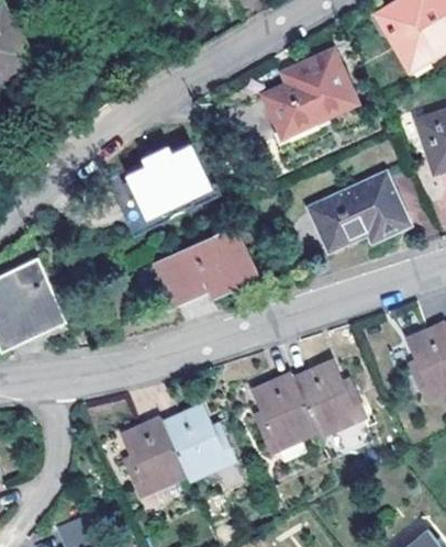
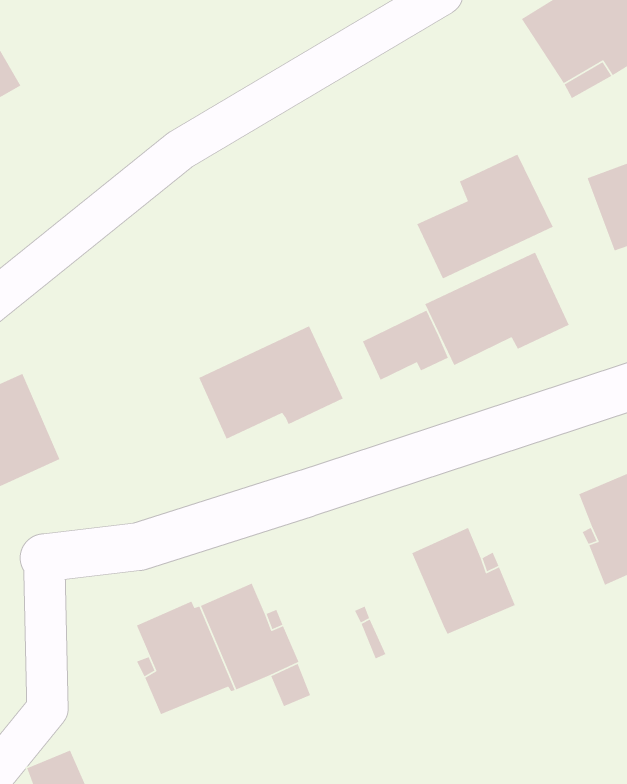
building: [263,51,355,135] -> [416,153,554,280]
building: [127,147,210,215] -> none
building: none -> [362,310,450,381]
building: [259,372,321,446] -> none

